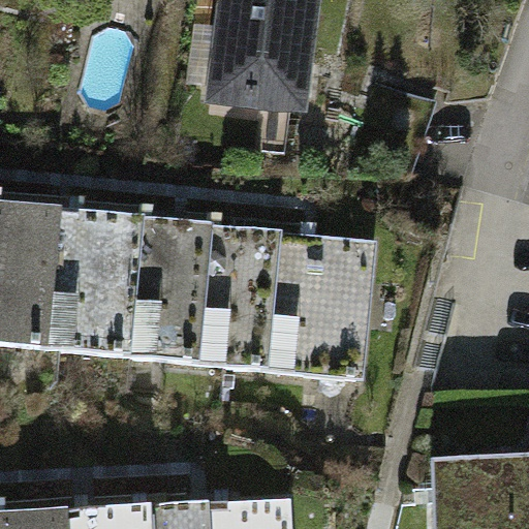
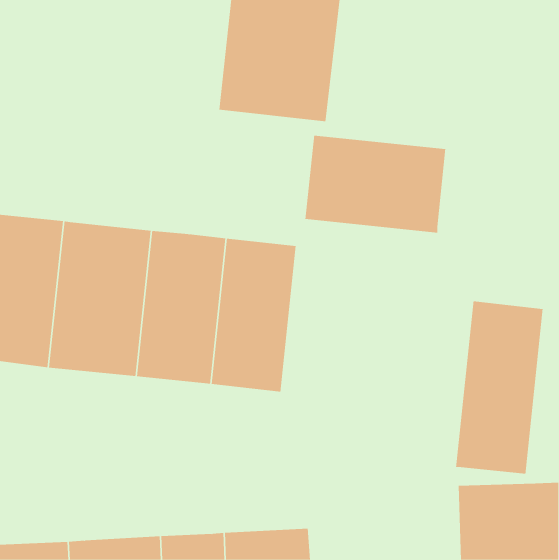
building: none -> [305,135,446,233]
building: [264,231,377,379] -> none
building: none -> [456,301,543,474]

